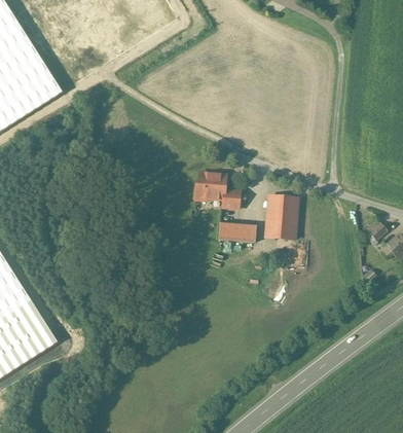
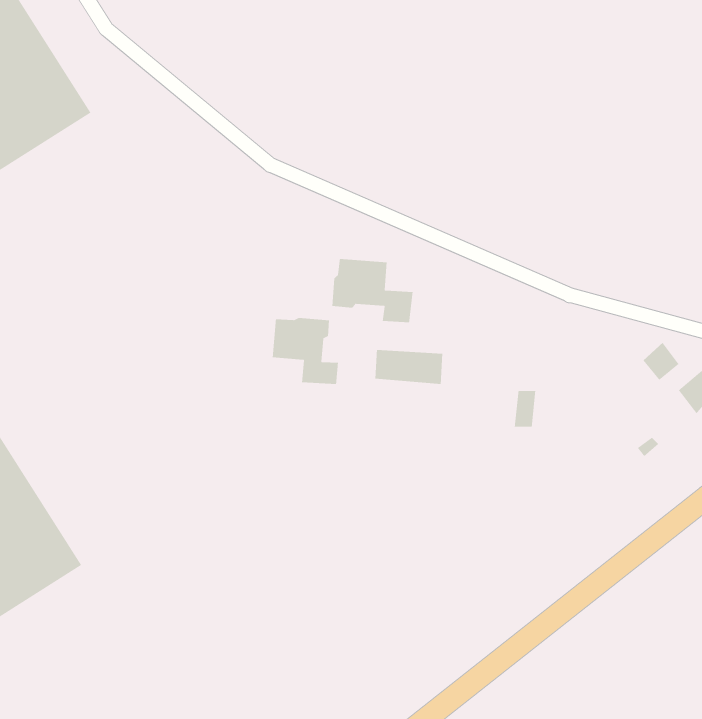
building: [265,195,297,239] -> none
building: none -> [272,317,339,385]

